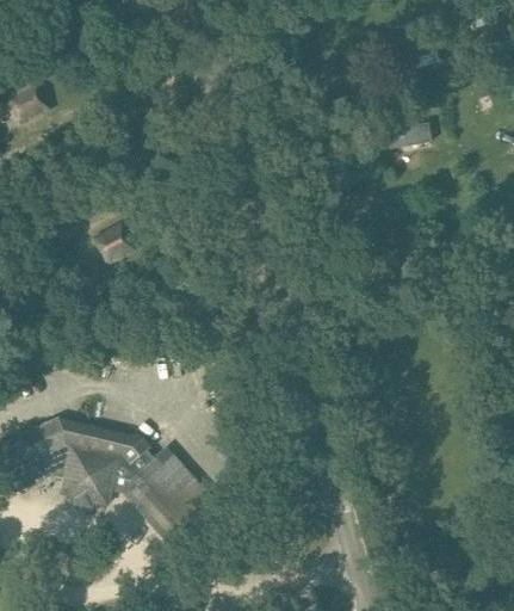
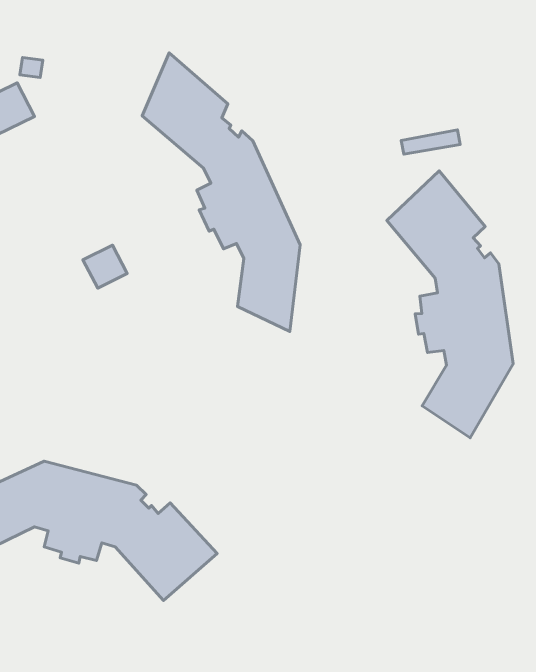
building: none -> [142,53,300,332]
building: none -> [387,171,513,438]

